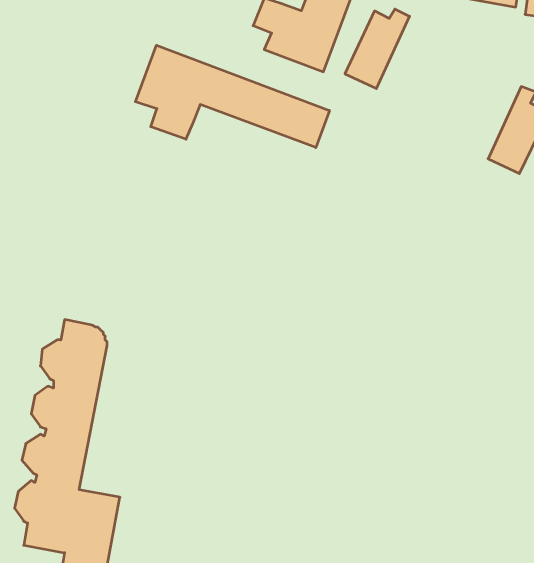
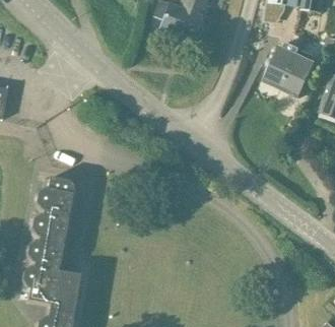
building: [345,9,410,89] -> [265,45,300,88]
building: [135,45,329,148] -> none

